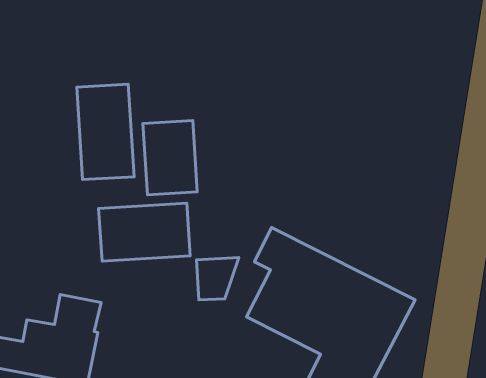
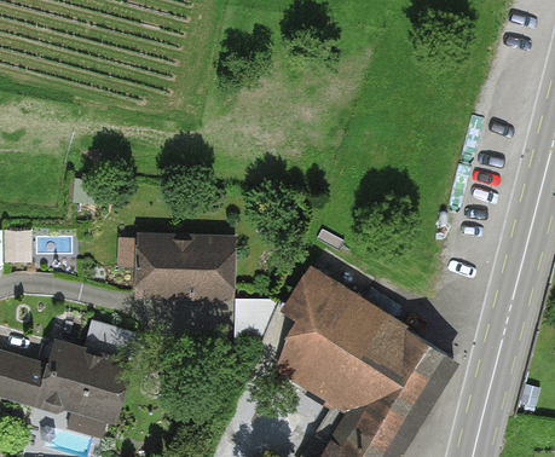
building: [77,84,134,180] -> none
building: [143,120,197,195] -> none

